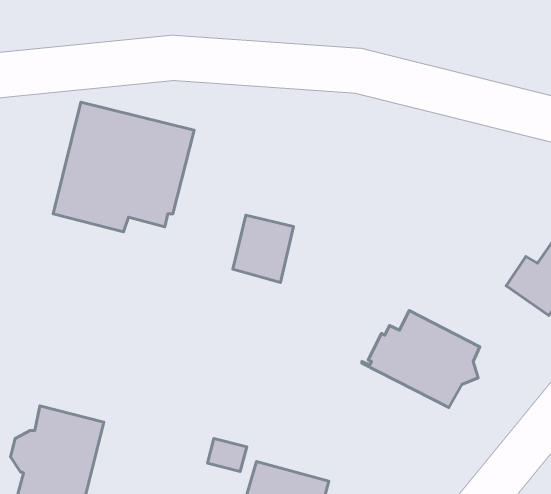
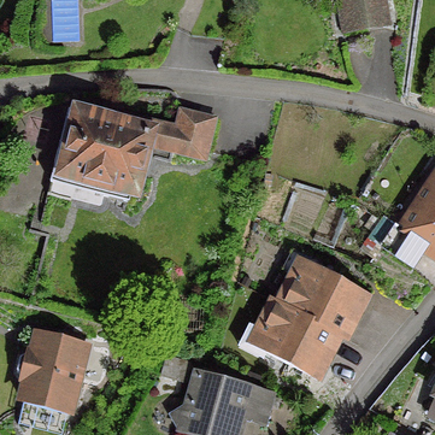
building: [233,215,294,282] -> [170,106,214,155]
building: none -> [257,298,337,372]

